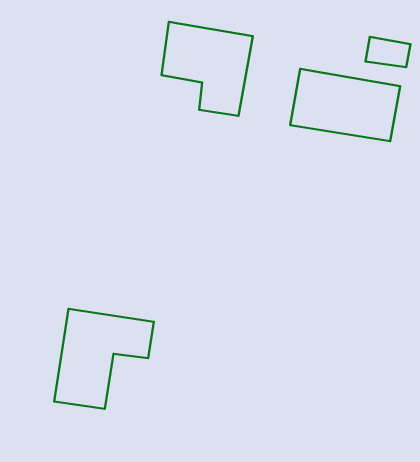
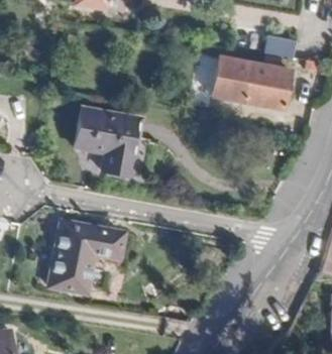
building: [162,22,253,116] -> [80,111,143,176]

